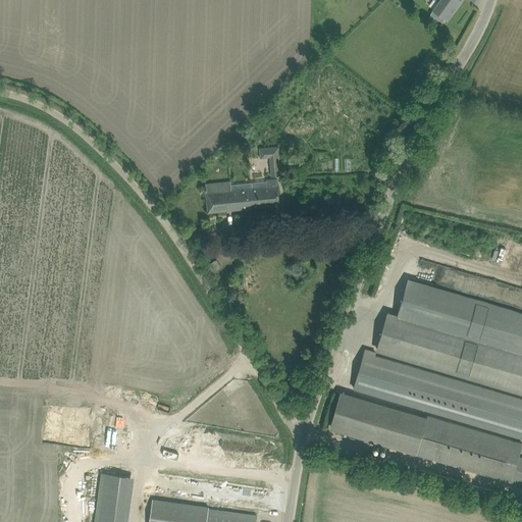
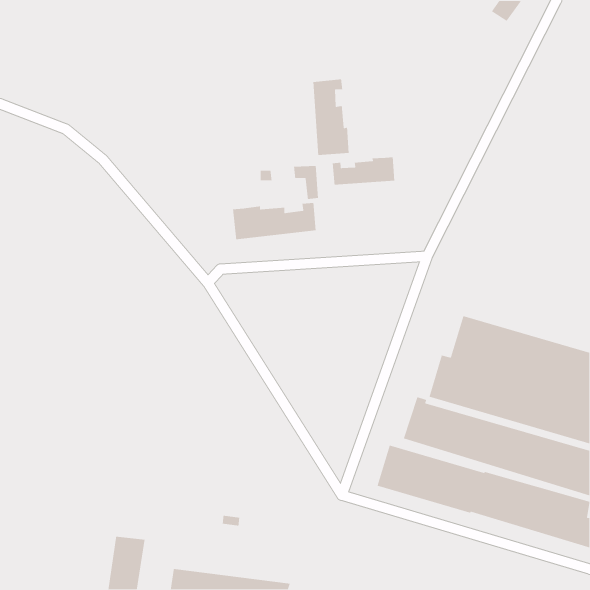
building: none -> [312,78,350,156]
building: none -> [332,157,395,185]

